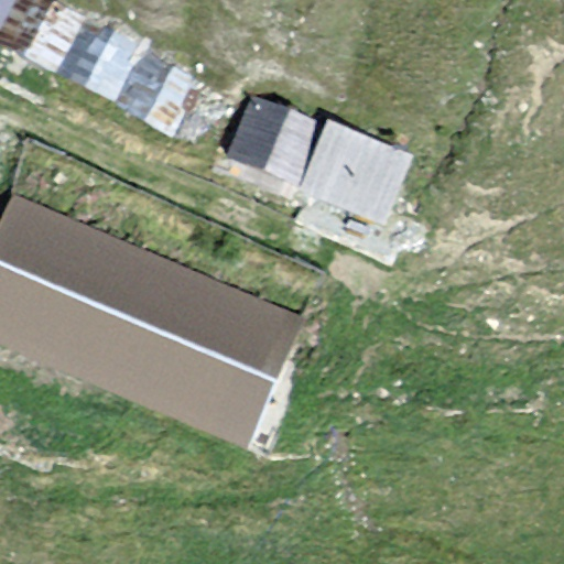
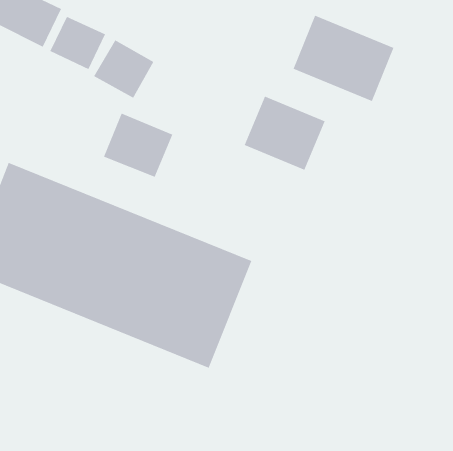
building: none -> [293,15,394,102]
building: [225,90,311,170] -> [103,113,173,177]

